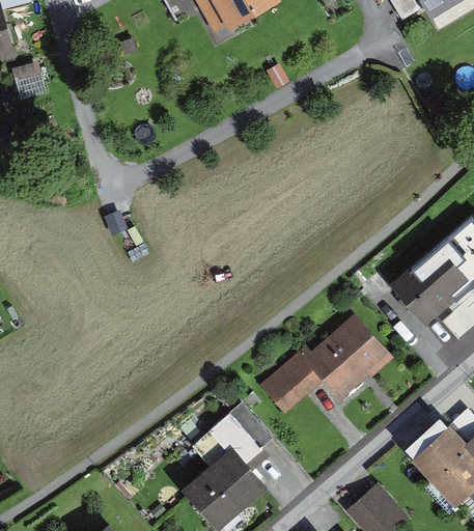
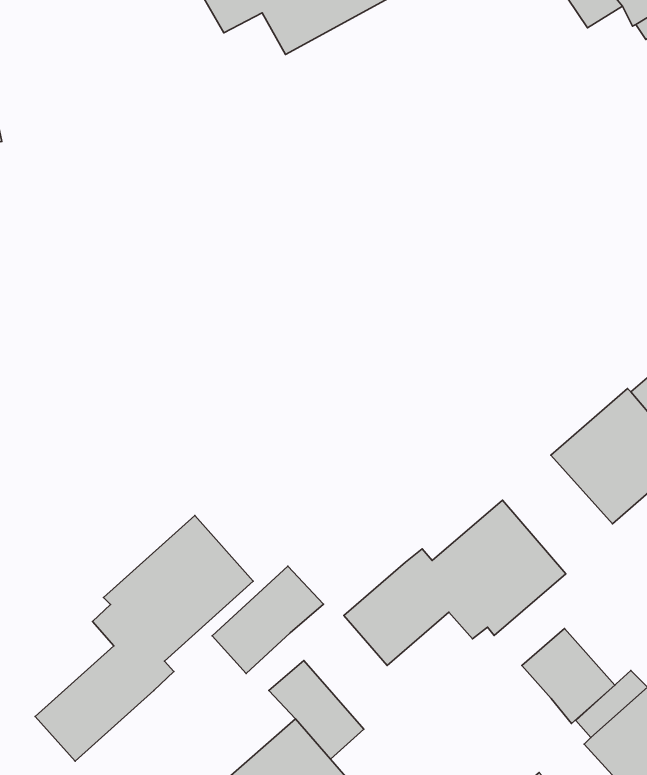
building: none -> [35,516,253,761]
building: none -> [212,566,324,674]
building: none -> [522,629,615,724]

